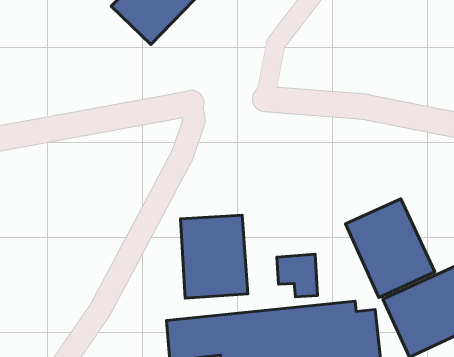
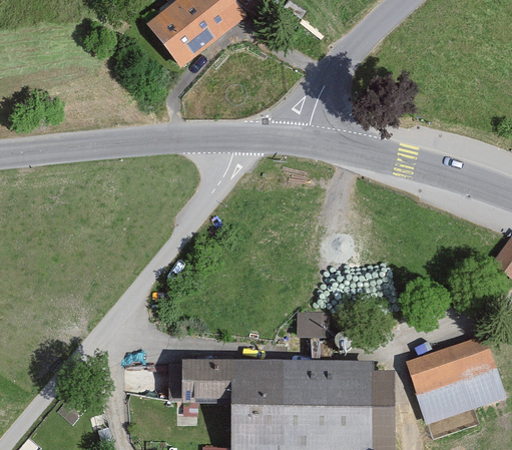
building: [346,199,435,298] -> none
building: [181,215,248,298] -> none

